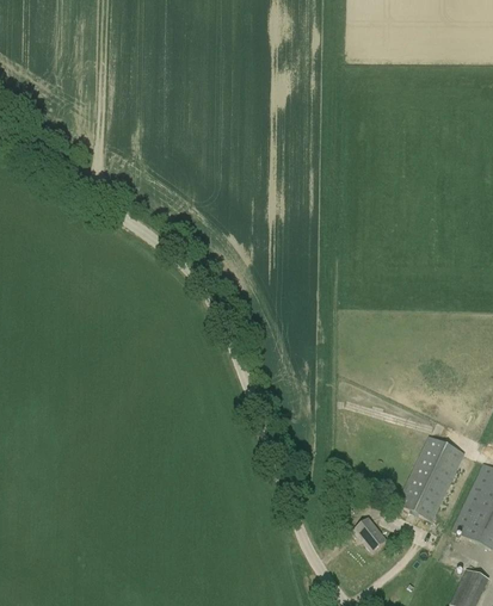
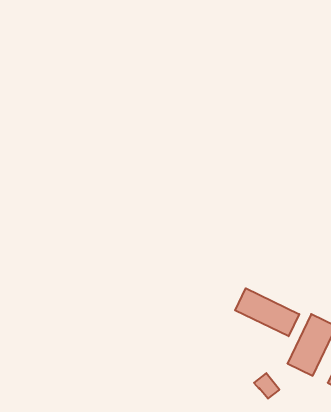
building: none -> [235,288,299,336]

